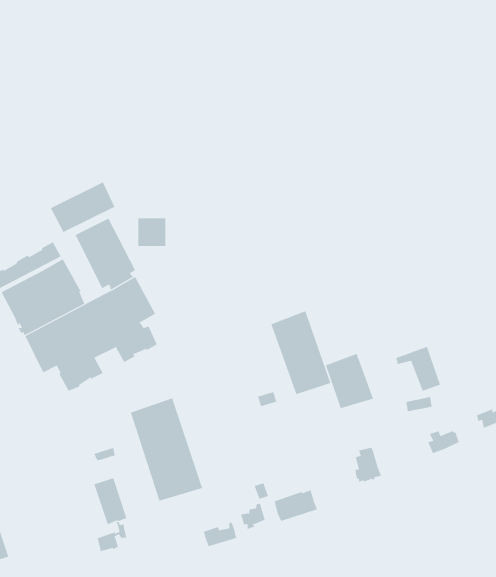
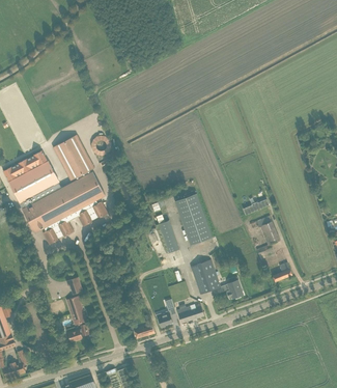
building: [50,181,115,233] -> none
building: [325,353,374,409] -> [191,259,221,294]
building: [130,397,203,502] -> none

